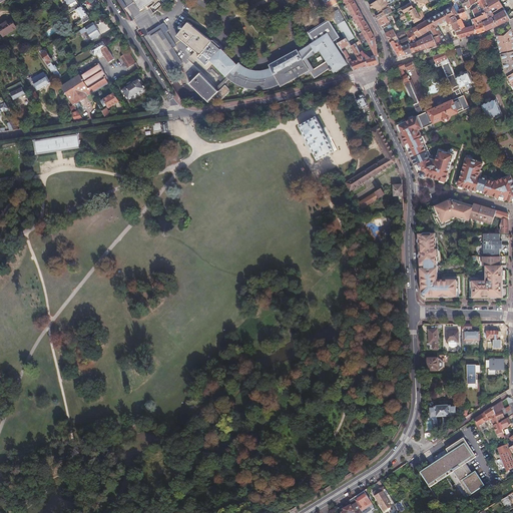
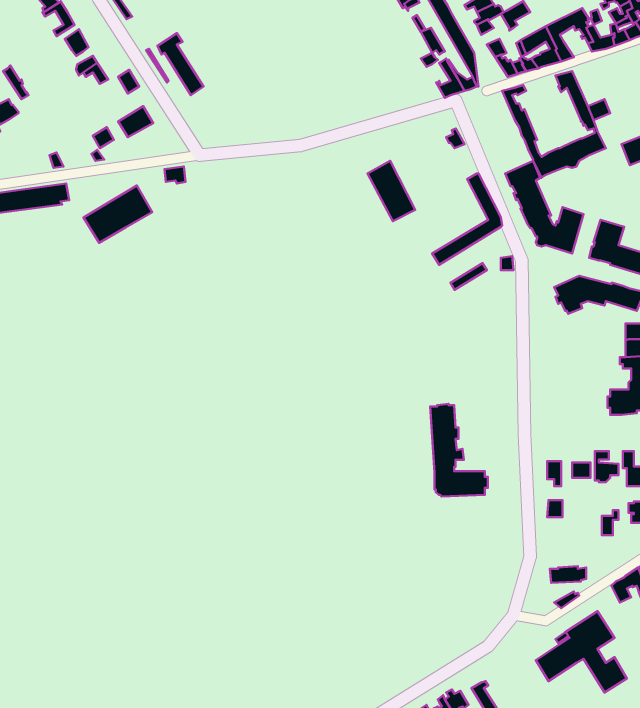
building: [176,19,347,87] -> none
building: [60,62,109,103] -> [84,185,152,243]
building: [189,72,229,100] -> none
building: [417,231,458,298] -> [430,404,488,496]

